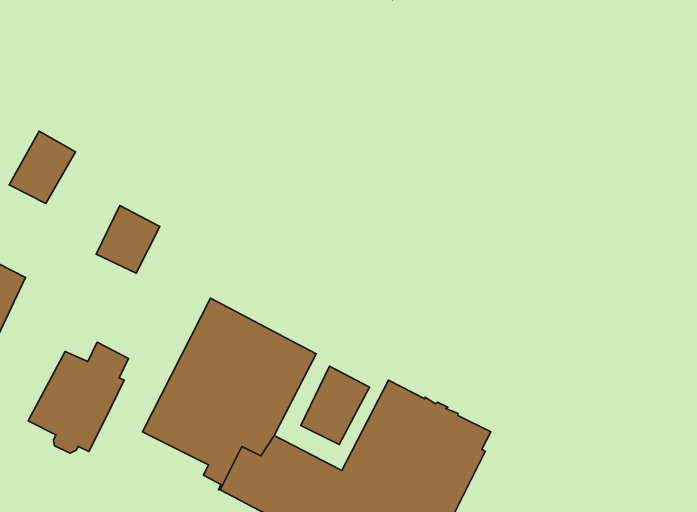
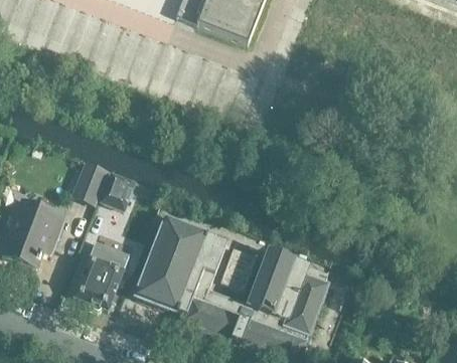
building: [9,131,75,203] -> [70,162,105,201]

